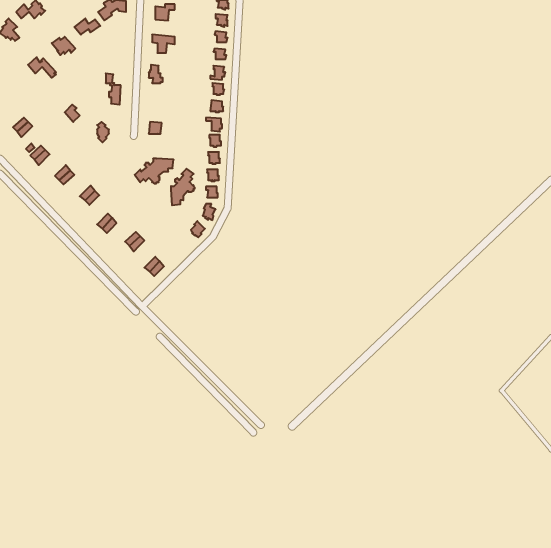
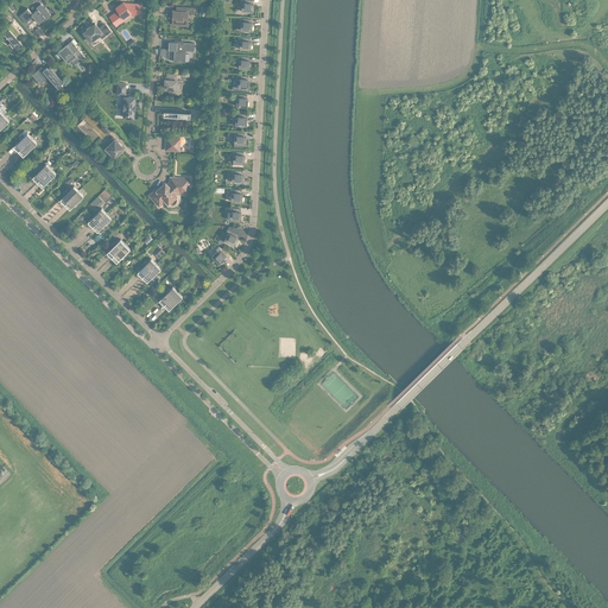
building: [171,169,194,205] -> none

